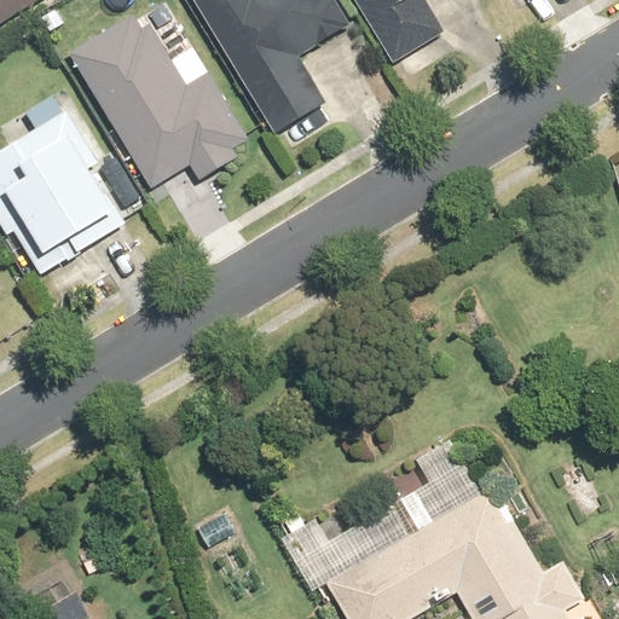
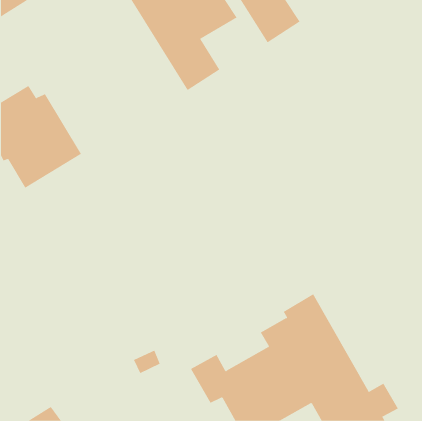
building: [68,16,245,184] -> none

